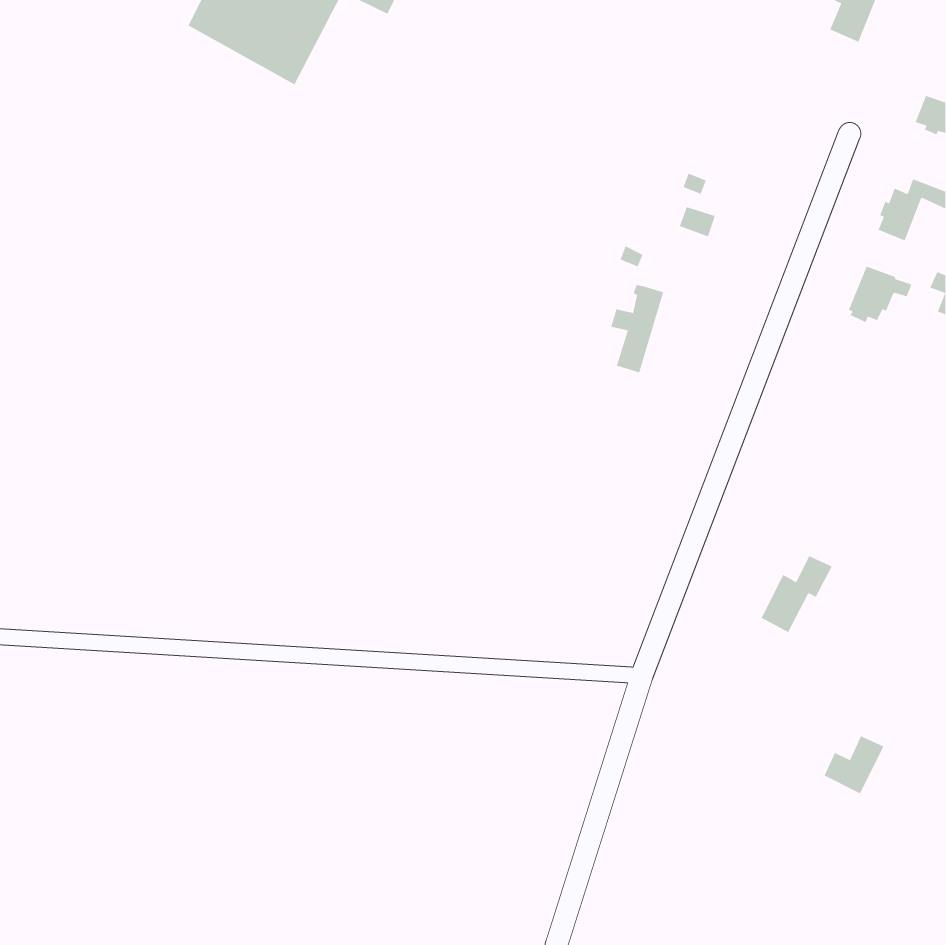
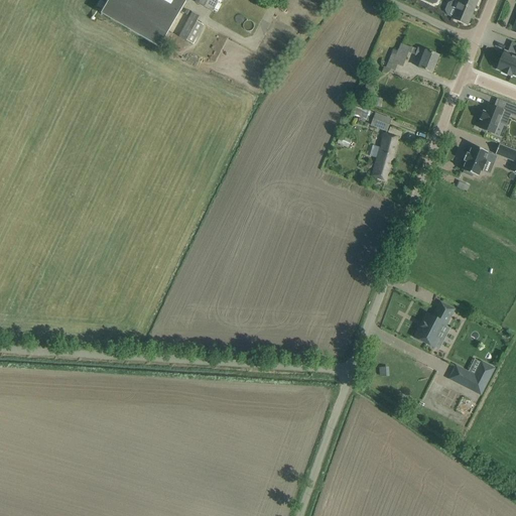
building: none -> [392,41,437,71]
building: [610,284,664,373] -> [368,131,397,179]
building: [823,735,885,795] -> [460,361,493,393]

